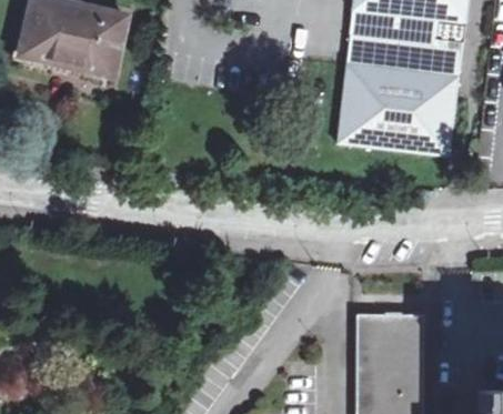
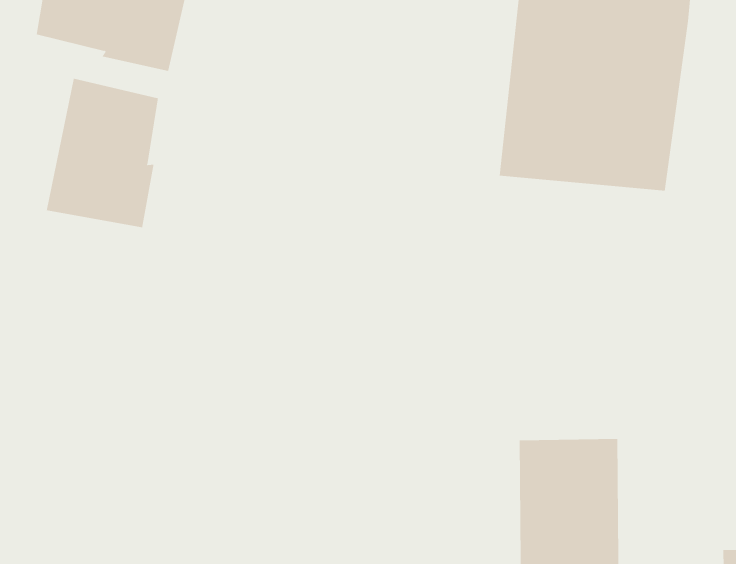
building: none -> [46,78,159,228]

